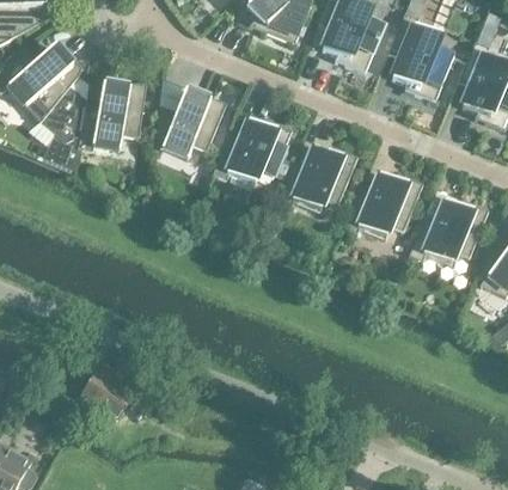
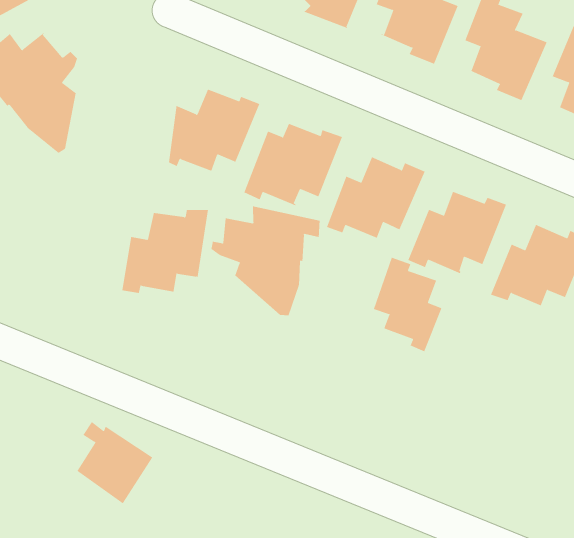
building: [78,82,147,149] -> [121,209,209,294]
building: none -> [211,206,320,316]
building: none -> [373,257,442,352]

